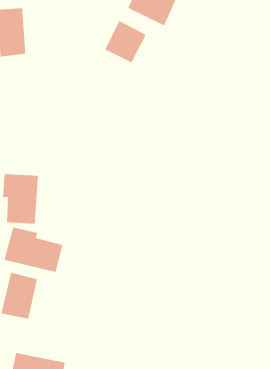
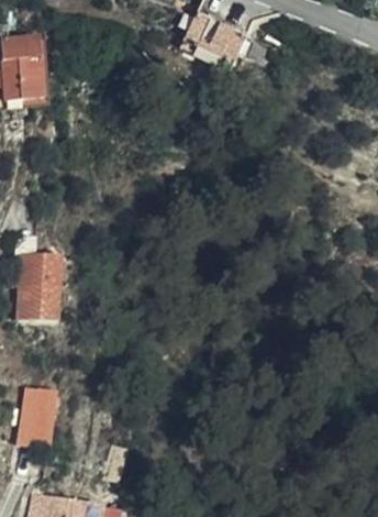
building: [104,20,147,63] -> none
building: [3,226,63,273] -> none

